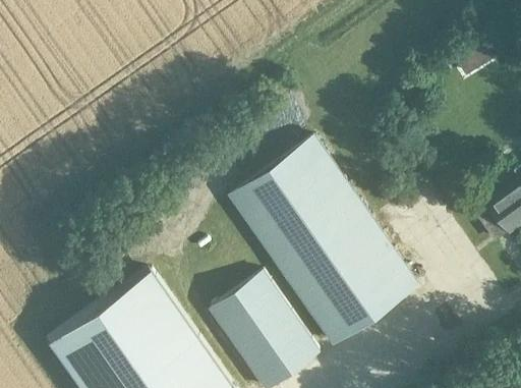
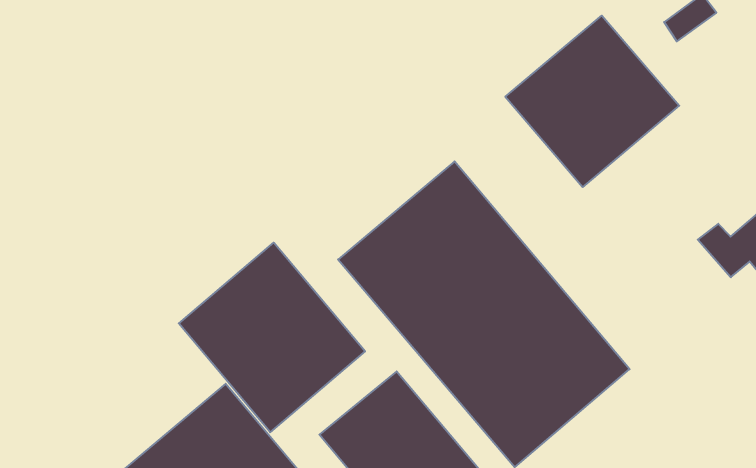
building: none -> [505,16,679,187]
building: none -> [179,243,365,432]

